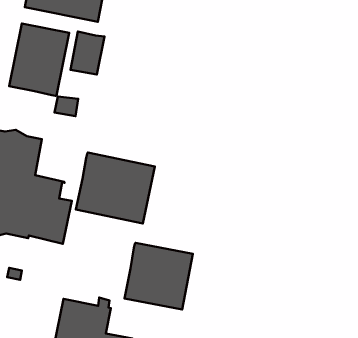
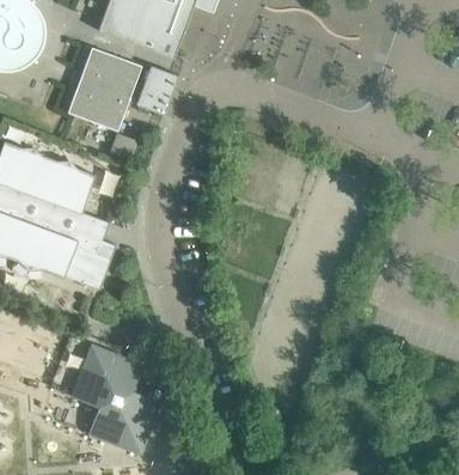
building: [76,153,155,224] -> none
building: [125,243,193,309] -> none

